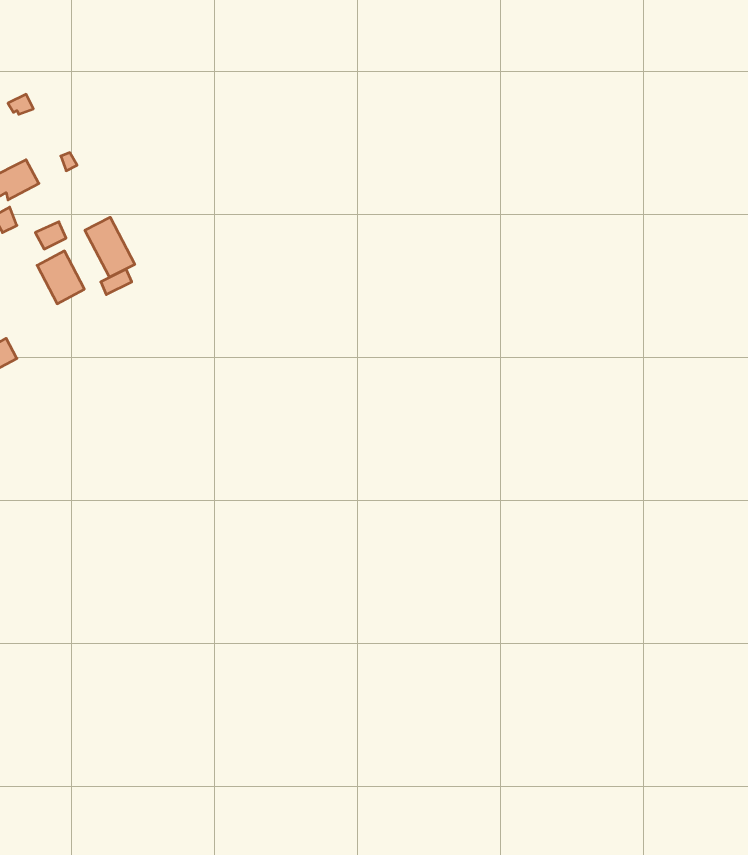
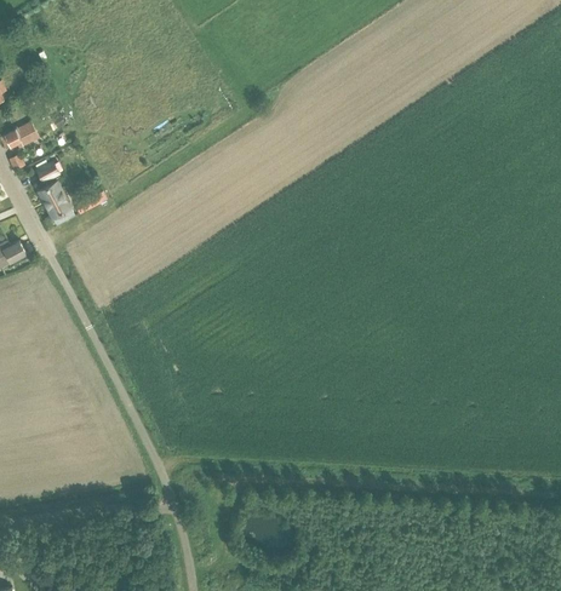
building: [85,217,135,277] -> none

